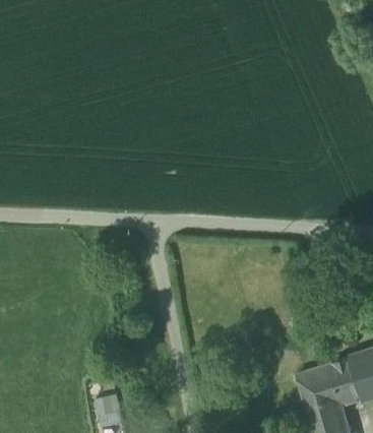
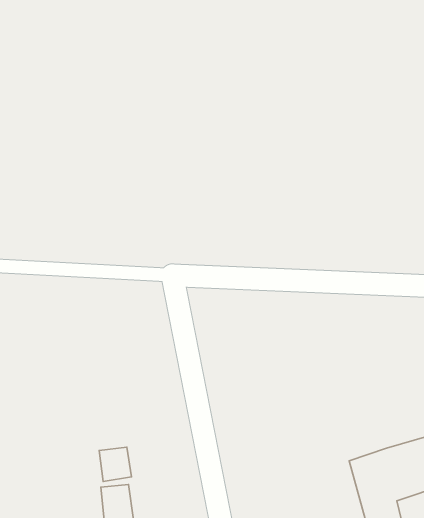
building: none -> [99,447,132,482]

